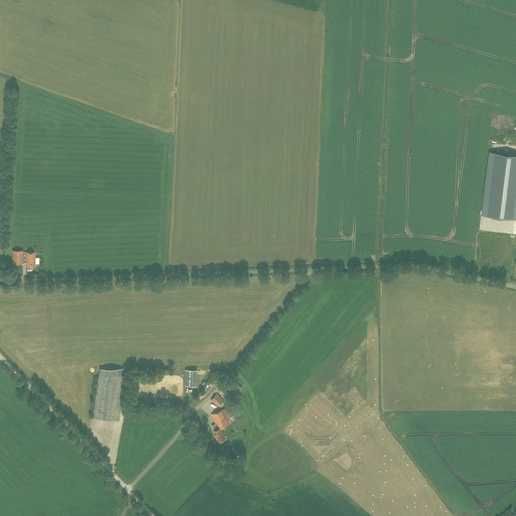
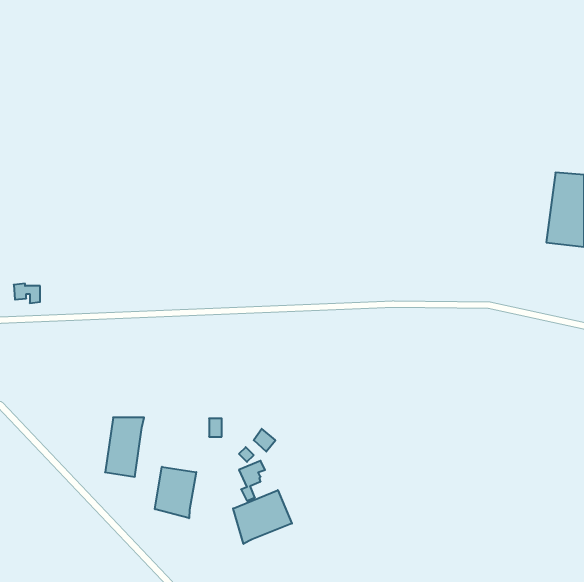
building: none -> [155,467,196,518]
building: none -> [233,490,292,544]

